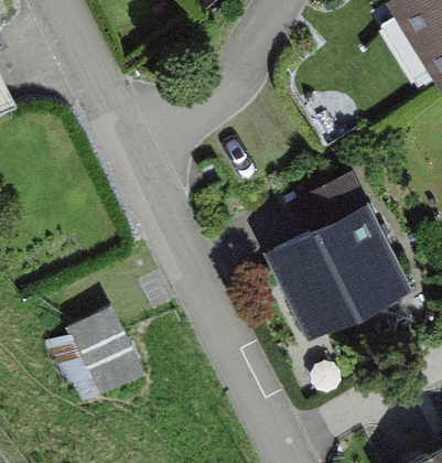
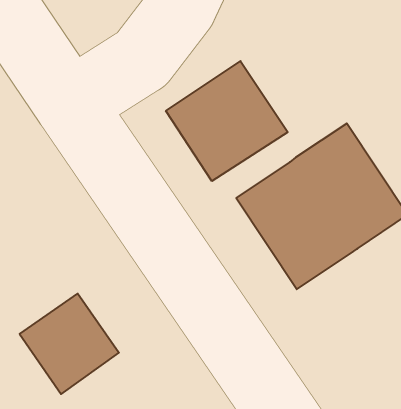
building: none -> [166,61,288,181]

